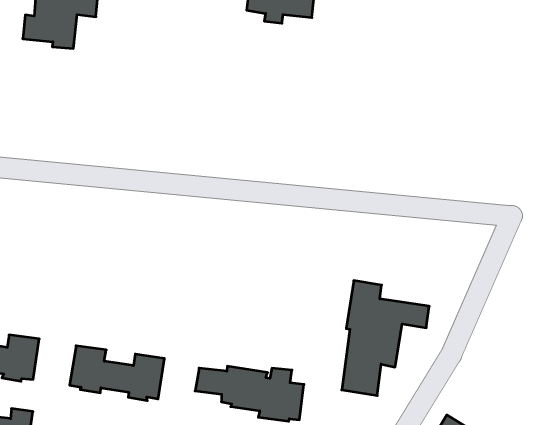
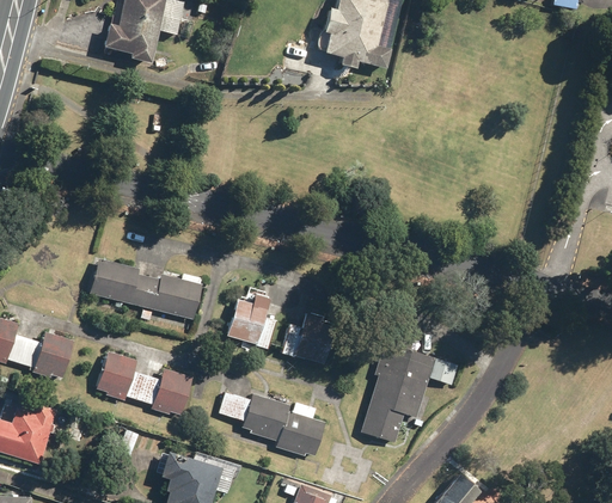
building: none -> [88,257,201,319]
building: none -> [226,293,276,349]
building: none -> [281,314,333,364]

